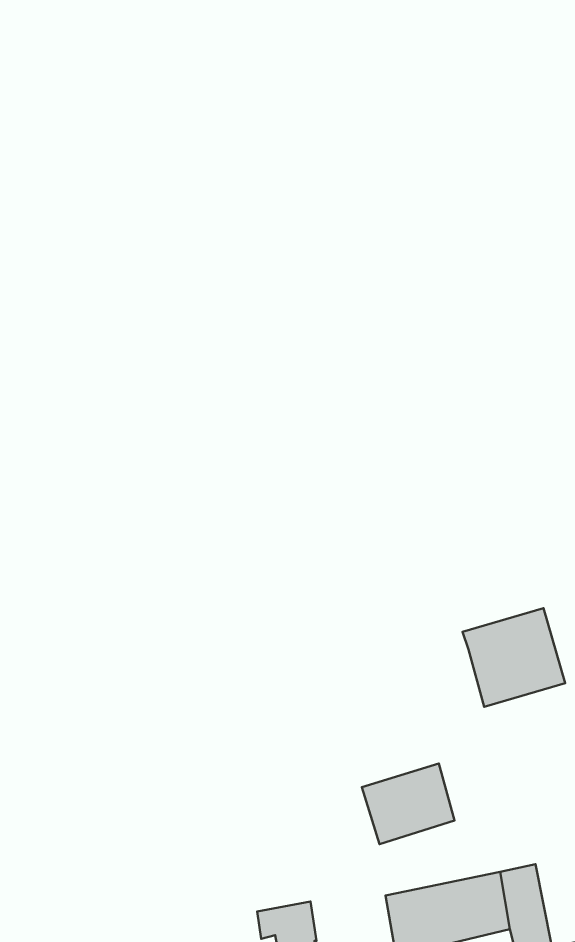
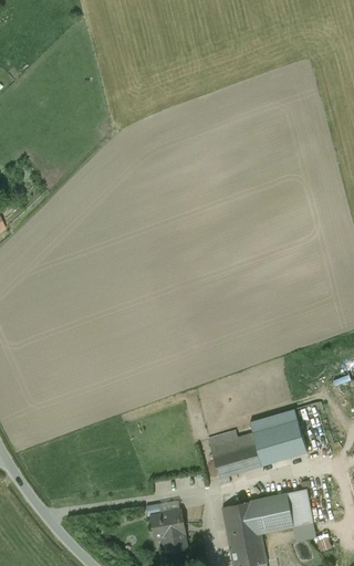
building: [463,608,565,707] -> [249,410,306,465]

